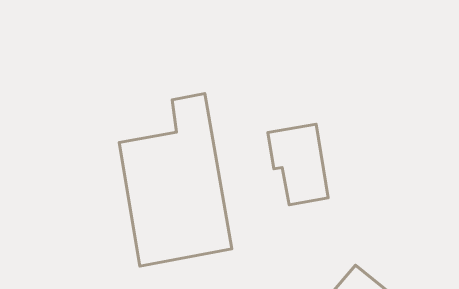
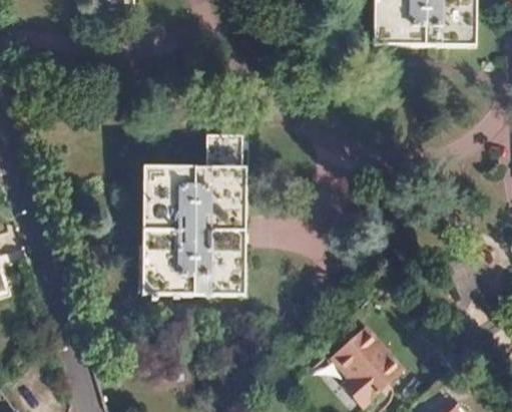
building: [268,124,328,205] -> none

